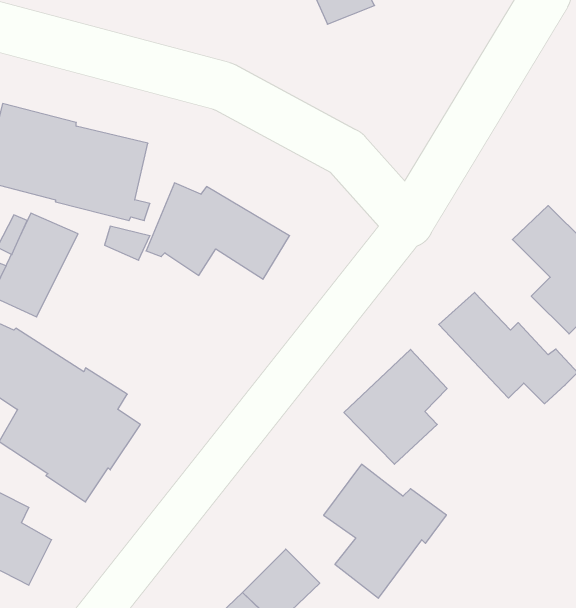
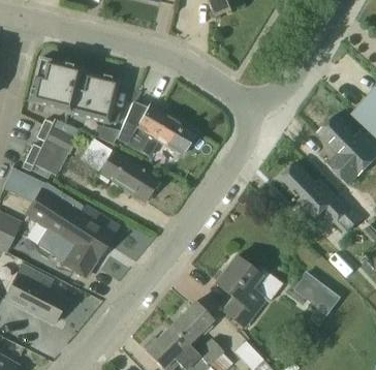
building: none -> [86,143,158,202]
building: [344,349,447,464] -> none
building: none -> [293,273,339,314]

